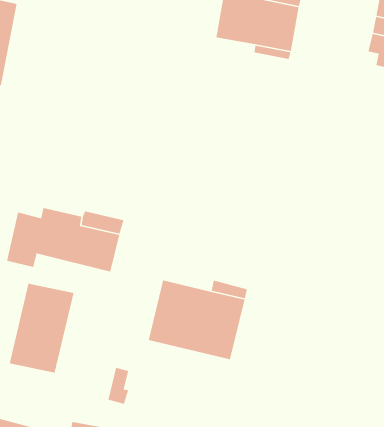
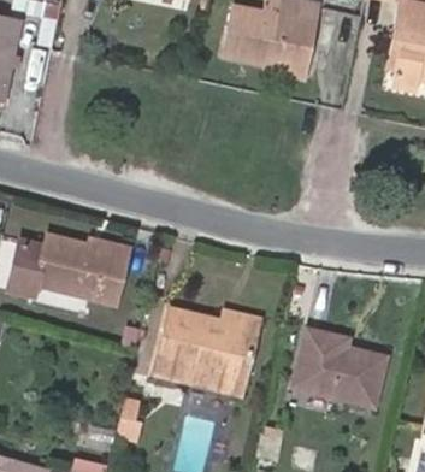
building: [9,283,74,373] -> none
building: none -> [295,329,388,406]

